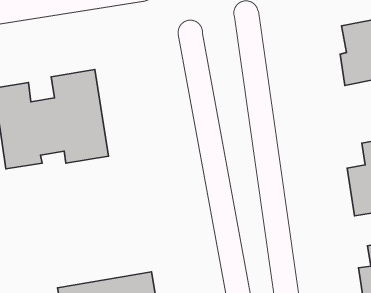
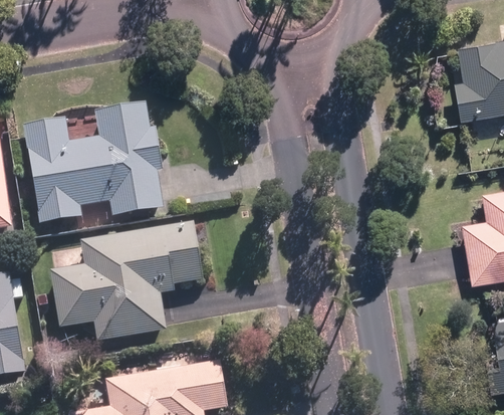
building: none -> [50,223,203,344]

